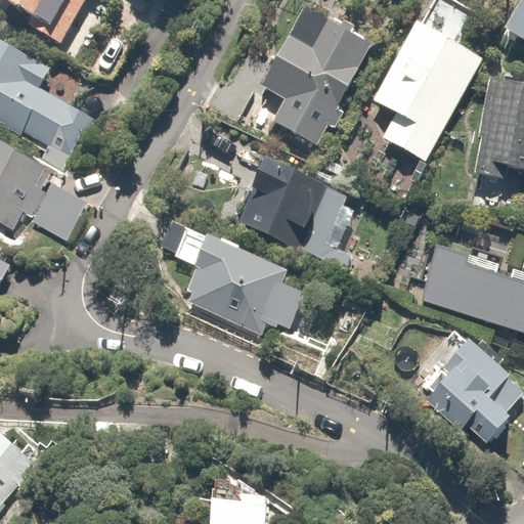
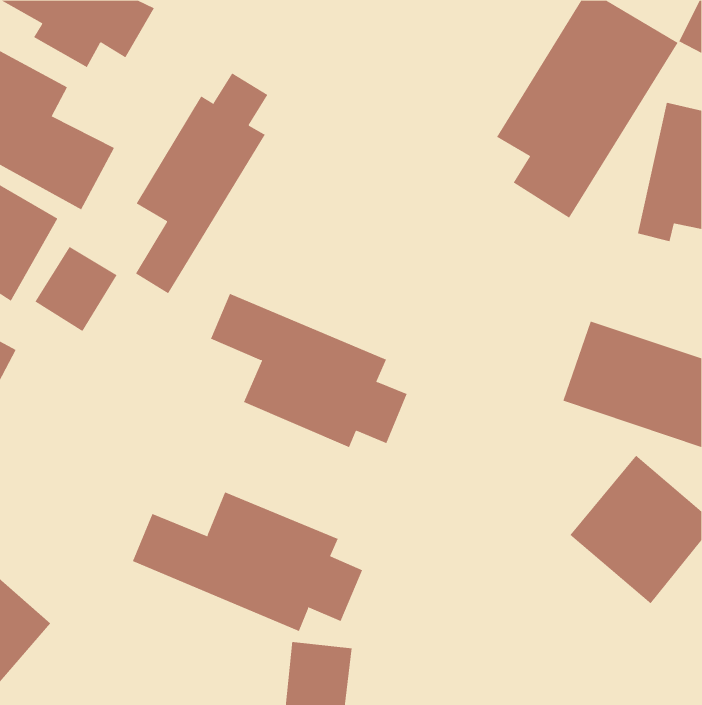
building: [258,5,376,143] -> none
building: none -> [135,72,268,294]
building: [245,151,355,262] -> none
building: none -> [132,492,363,632]

